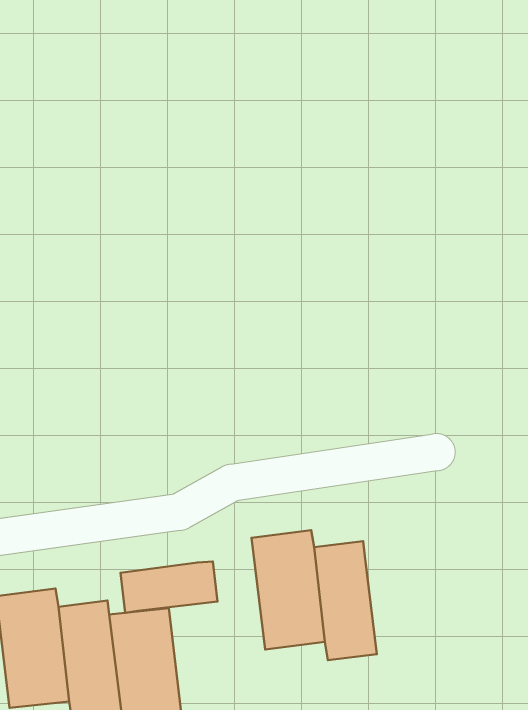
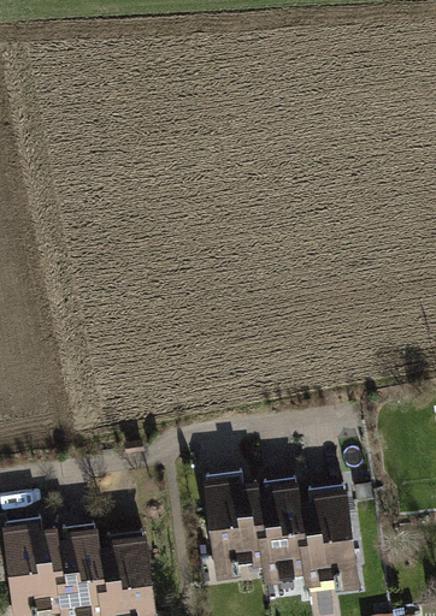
building: none -> [294,486,352,580]
building: [120,561,218,613] -> none

